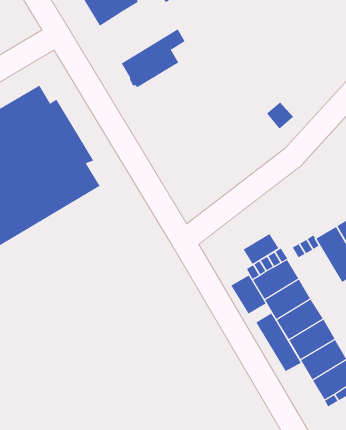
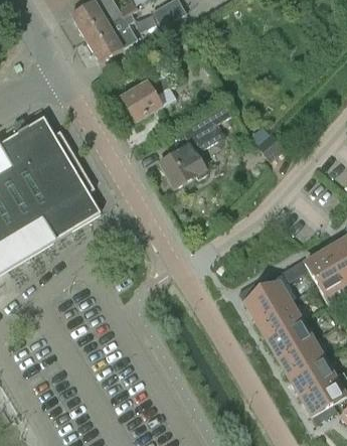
building: none -> [159,103,231,187]
building: [243,233,279,265] -> none
building: [231,275,267,314] -> none
building: [255,312,302,372] -> none

